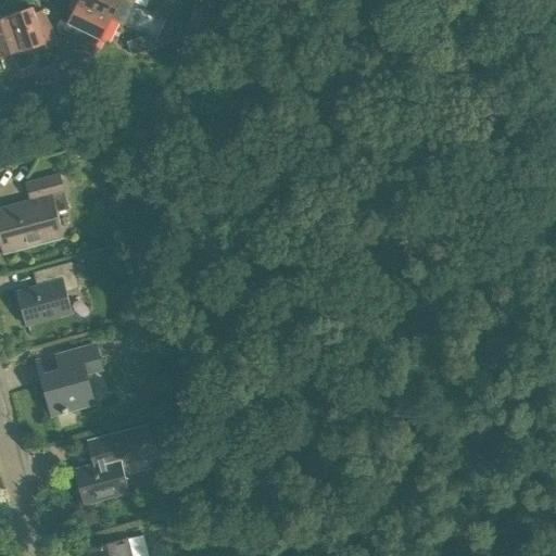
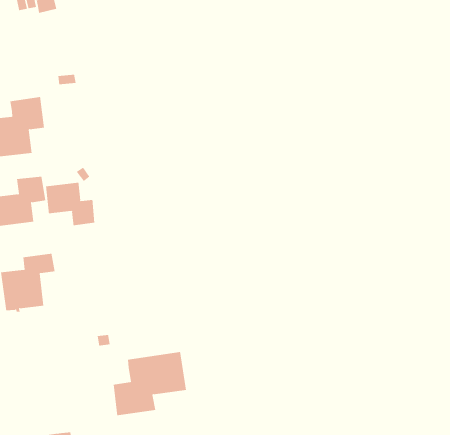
building: none -> [46,182,95,226]
building: [76,425,157,504] -> [113,352,187,416]

